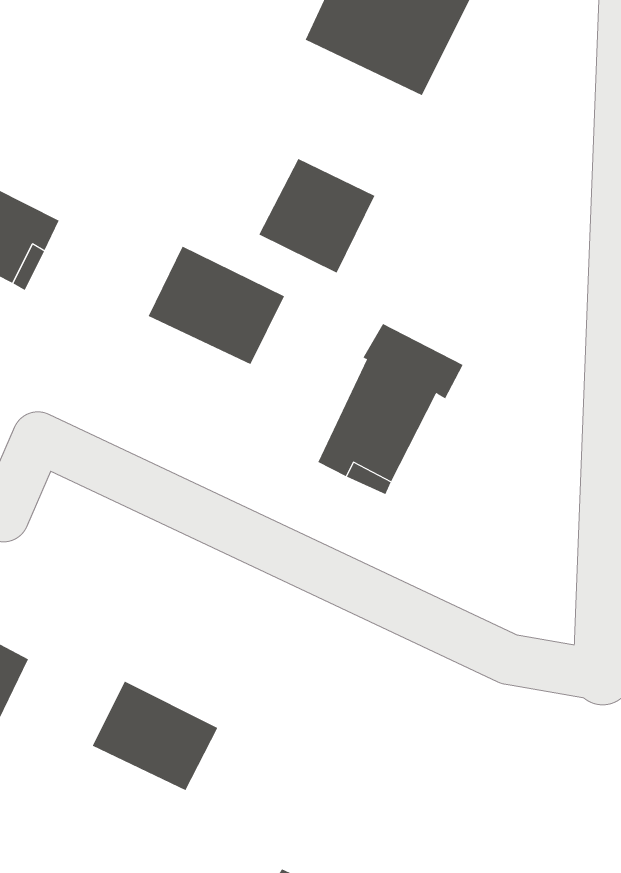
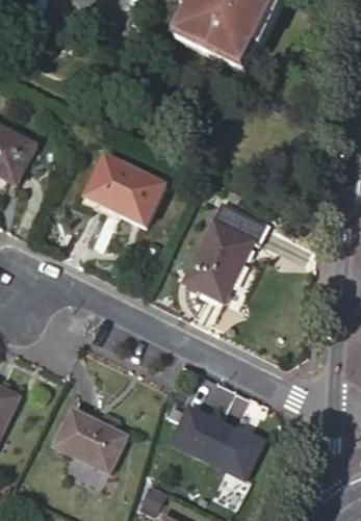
building: [258,158,375,274] -> none
building: none -> [172,407,262,477]

